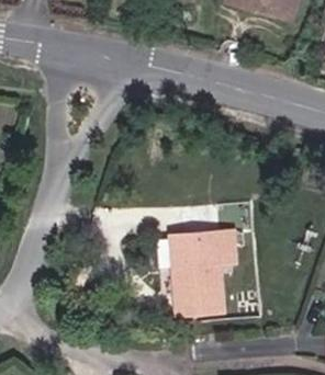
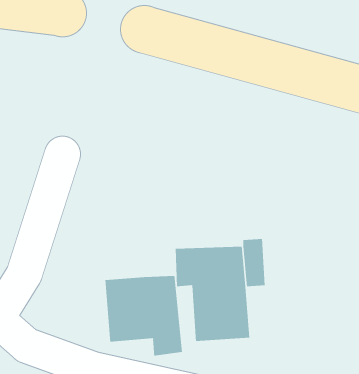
building: none -> [105,275,183,357]

